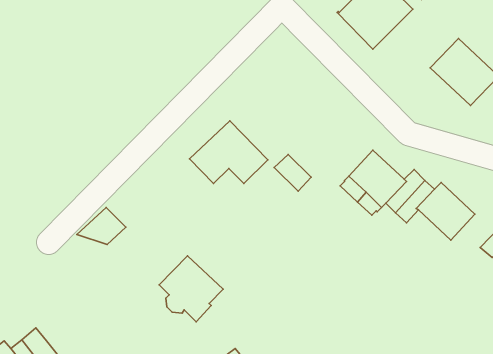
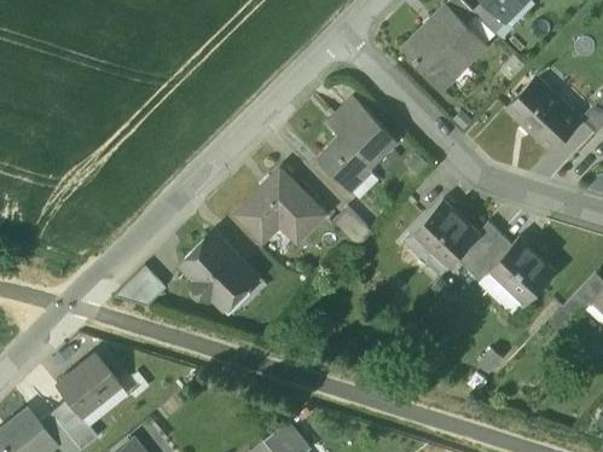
building: none -> [320,97,398,187]
building: [159,256,223,322] -> [185,234,256,308]
building: none -> [56,355,118,415]

